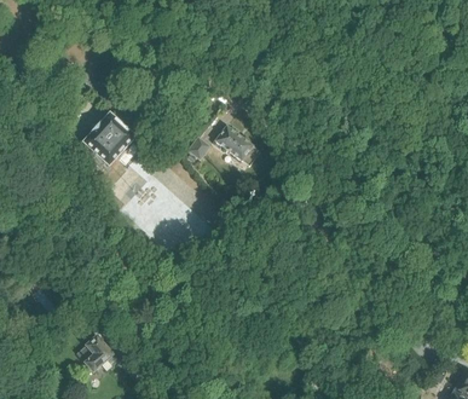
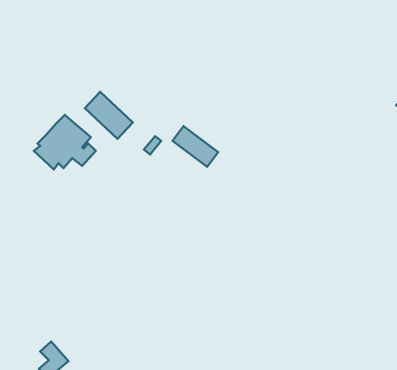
building: none -> [85,92,133,139]

